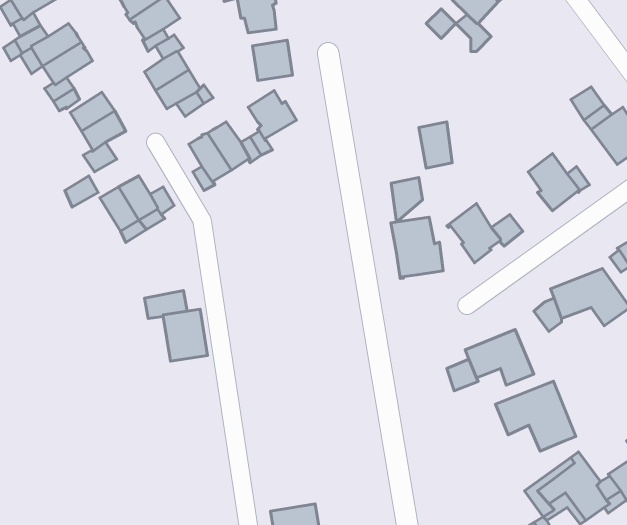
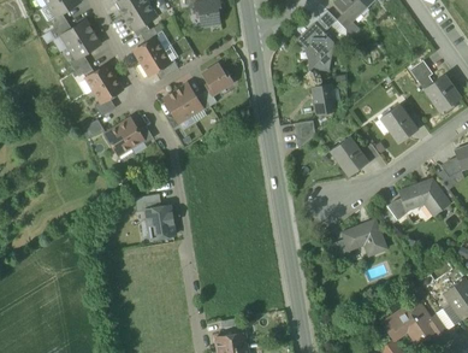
building: none -> [297,23,331,69]
building: [253,40,292,81] -> none
building: [391,217,443,278] -> none
building: [495,381,576,451] -> none

